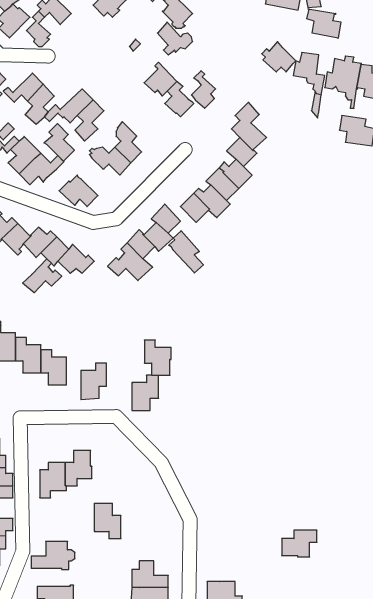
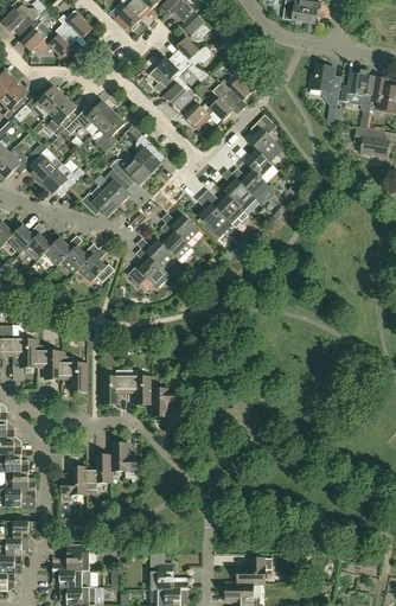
building: [307,9,341,38] -> none
building: [262,42,296,72] -> [218,71,251,101]
building: none -> [149,56,186,89]
building: [44,124,74,161] -> [98,168,128,205]
building: [169,231,203,273] -> none
building: [23,259,62,293] -> none
building: [144,340,171,375] -> [126,369,152,403]
building: [94,503,121,539] -> [110,442,136,477]
building: [282,530,317,557] -> [236,557,270,583]
building: none -> [52,569,90,587]

